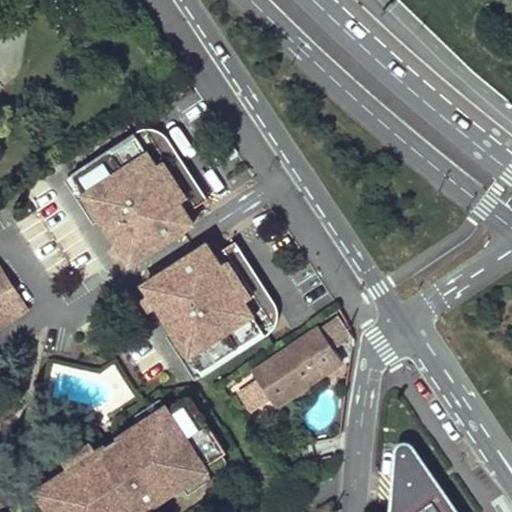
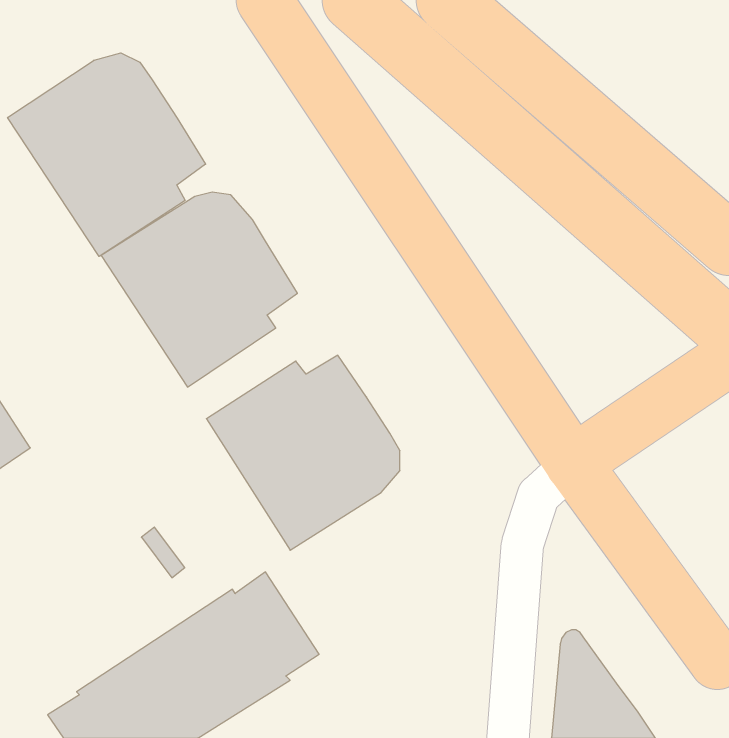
building: none -> [8,53,206,256]
building: [250,319,339,409] -> none

